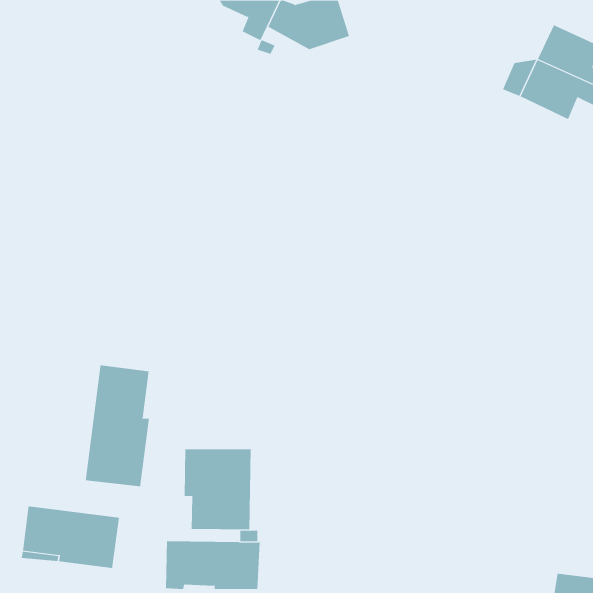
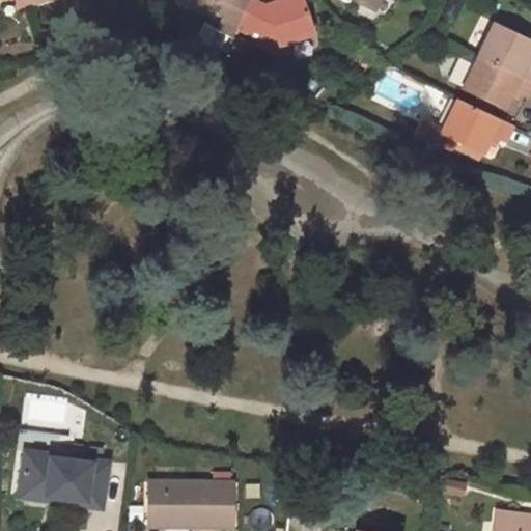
building: none -> [419,97,515,152]
building: [85,365,149,487] -> none
building: [184,449,251,530] -> none

